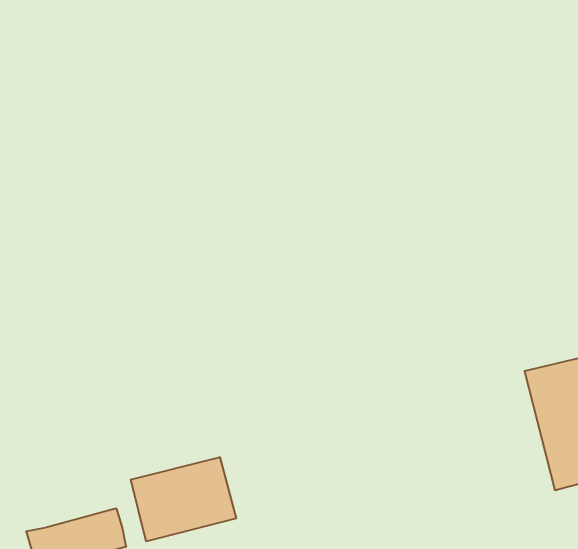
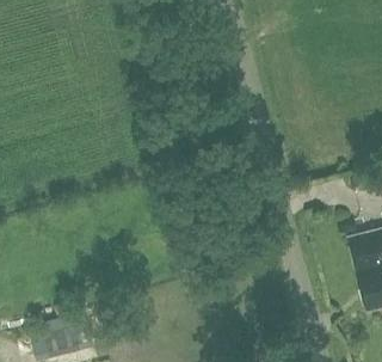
building: [131,457,236,541] -> none

